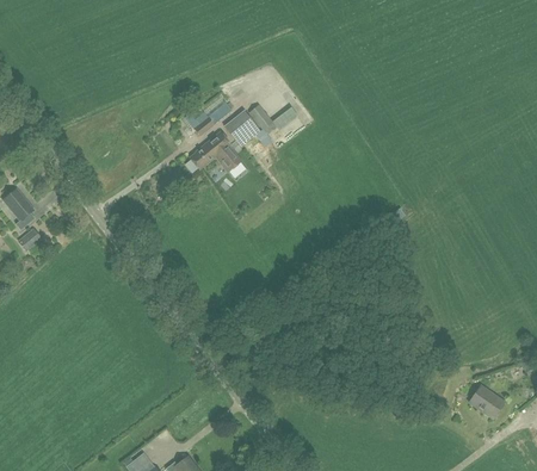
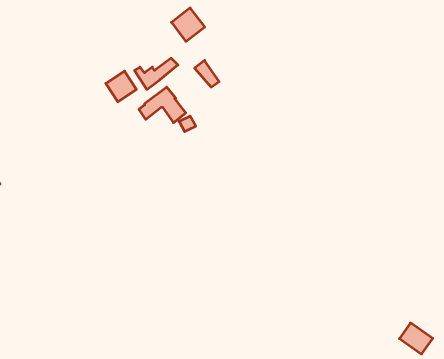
building: [224,110,260,145] -> [171,8,205,41]
building: none -> [106,71,136,102]

